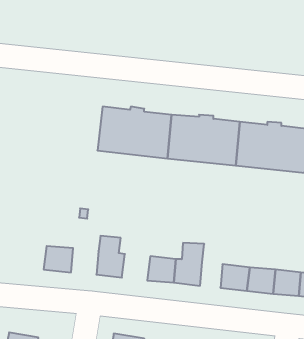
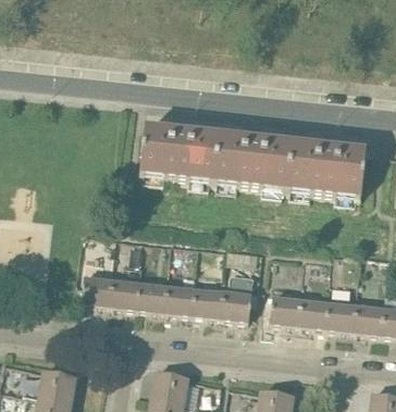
building: none -> [111,278,140,307]
building: none -> [165,285,196,313]

